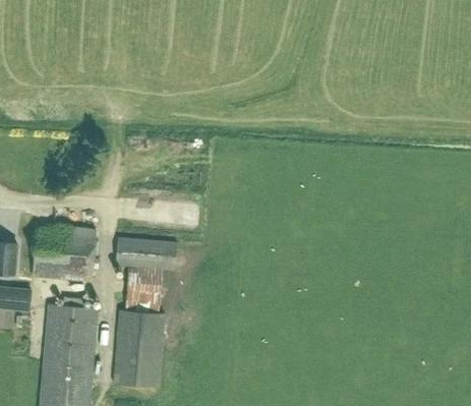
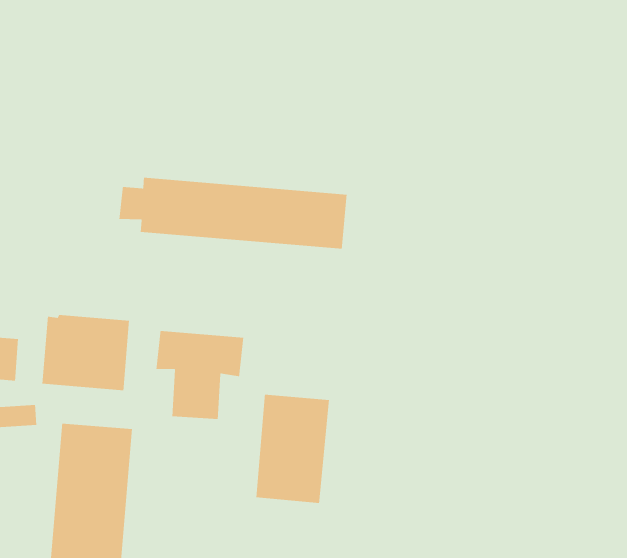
building: none -> [119,177,347,250]
building: [113,309,166,388] -> [256,394,330,504]

